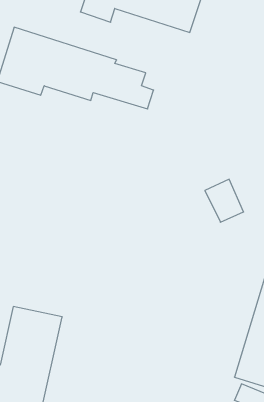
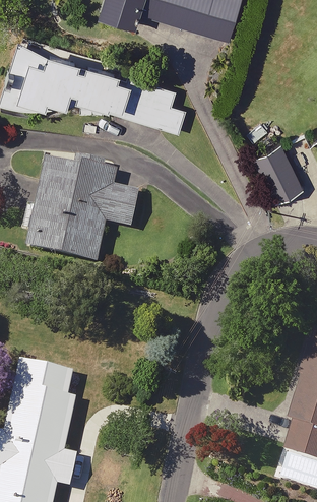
building: none -> [27,166,139,266]
building: [205,179,244,222] -> [253,148,299,199]

